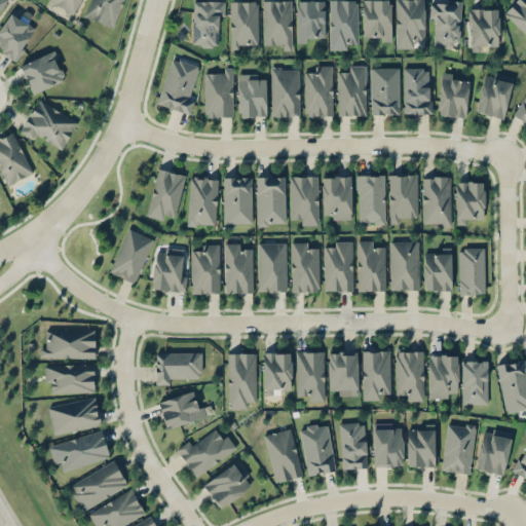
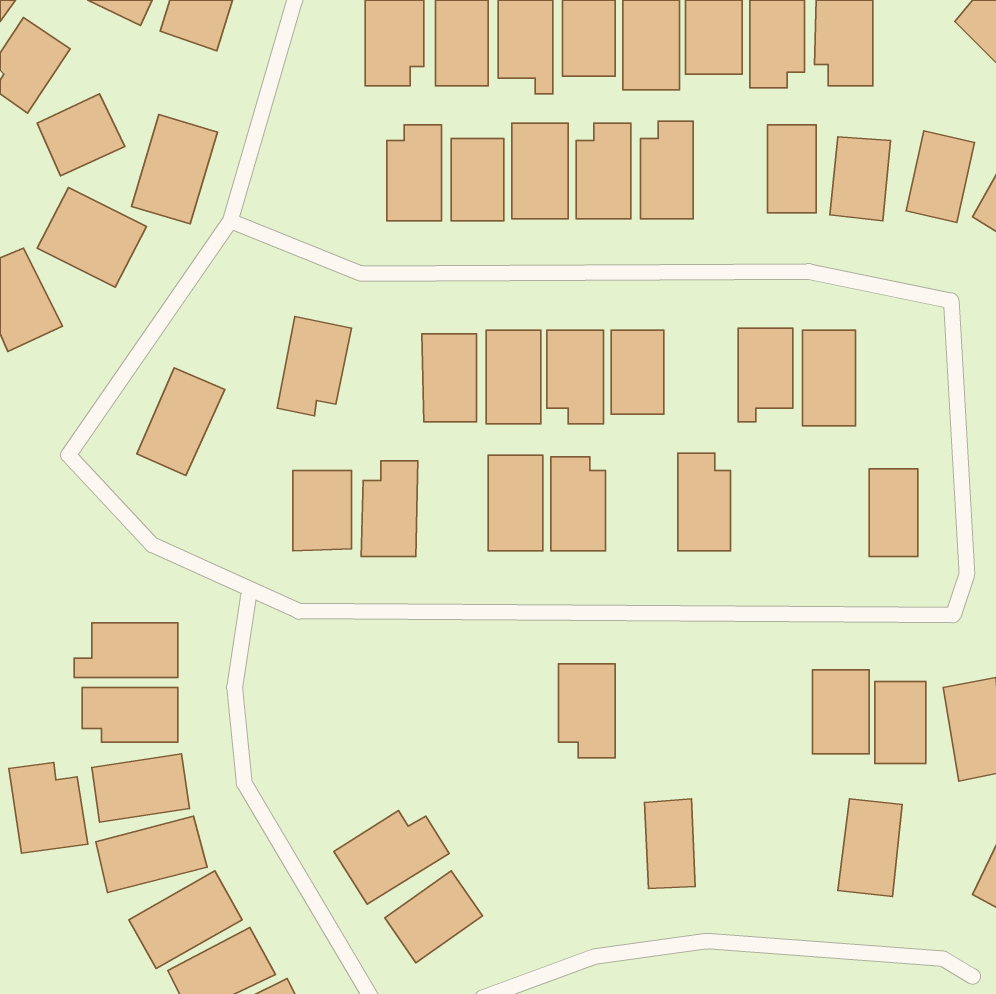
building: [471,9,498,49] -> none
building: [157,58,202,115] -> [131,115,217,224]
building: [371,68,400,115] -> none
building: [356,175,385,225] -> none
building: [187,177,218,228] -> none
building: [455,182,483,222] -> none
building: [109,228,155,285] -> [137,368,225,475]
building: [390,241,419,291] -> none
building: [325,242,353,292] -> none
building: [224,243,253,294] -> none
building: [424,251,451,291] -> none
building: [362,351,390,401] -> none
building: [396,351,424,401] -> none
building: [155,352,201,382] -> none
building: [227,352,257,408] -> none
building: [263,352,292,394] -> none
building: [328,352,358,391] -> none
building: [158,390,205,429] -> none
building: none -> [9,762,88,853]
building: [301,424,335,476] -> none
building: [373,424,402,467] -> none
building: [407,425,435,467] -> none
building: [264,428,303,483] -> none
building: [476,428,512,476] -> none

